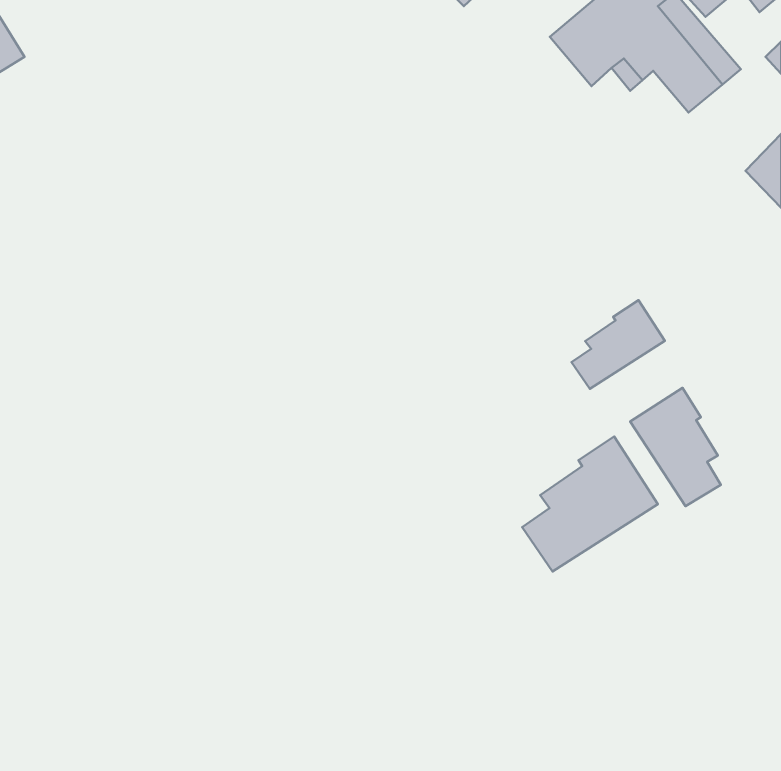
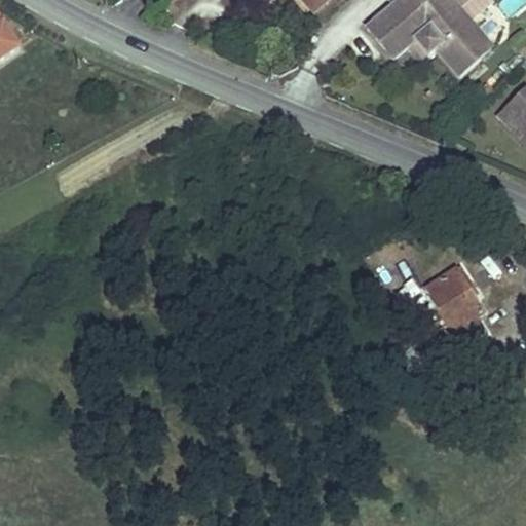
building: [572,300,665,389] -> none
building: [522,436,658,571] -> none

